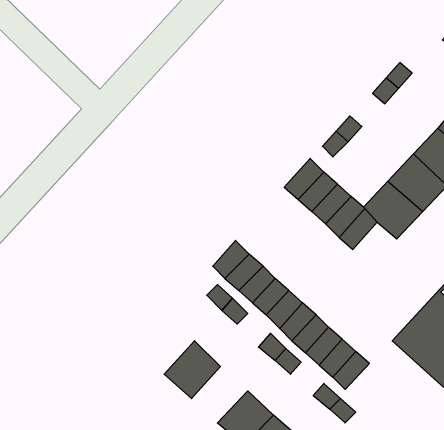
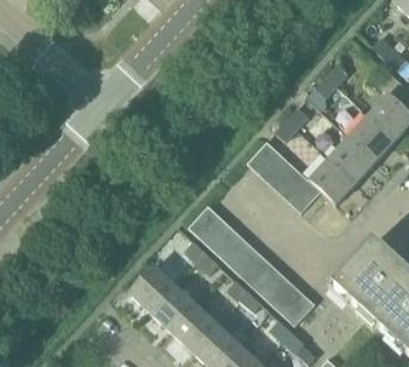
building: none -> [128,264,174,310]
building: none -> [172,304,217,349]

